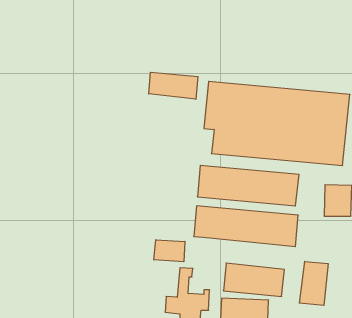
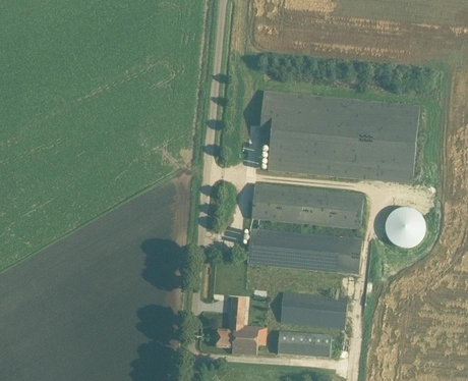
building: [149,72,198,99] -> none
building: [154,240,185,262] -> none
building: [299,261,328,305] -> none

